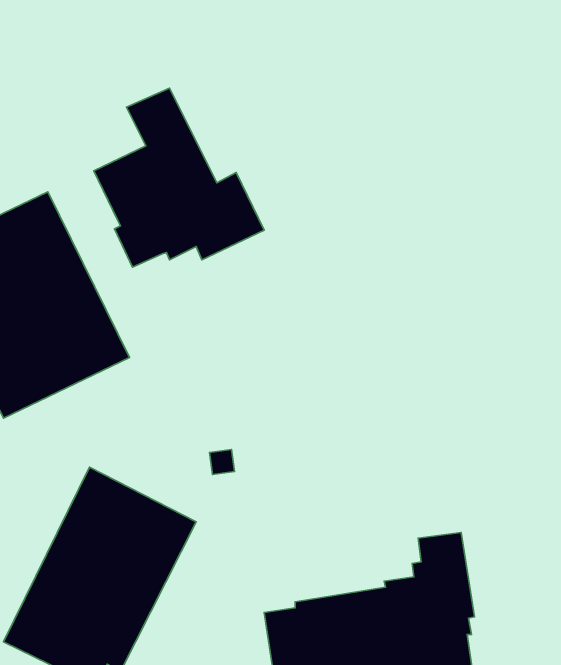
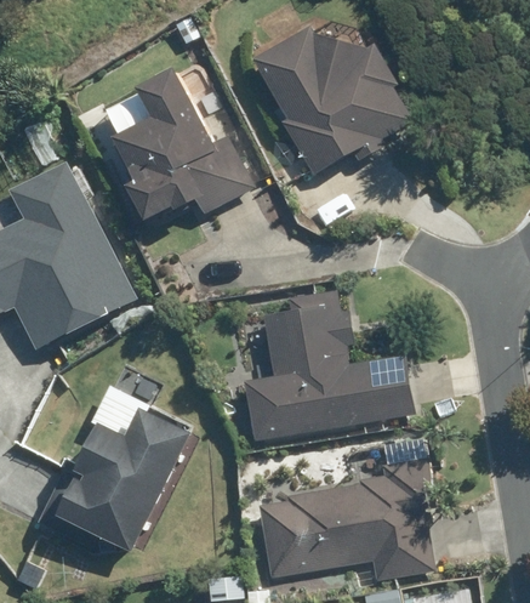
building: none -> [255,32,415,180]
building: none -> [238,290,408,438]

